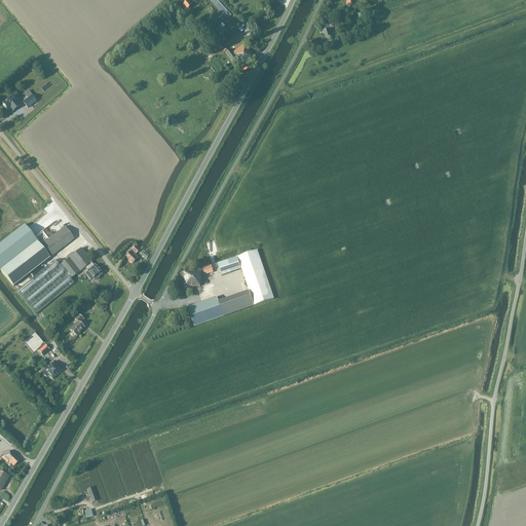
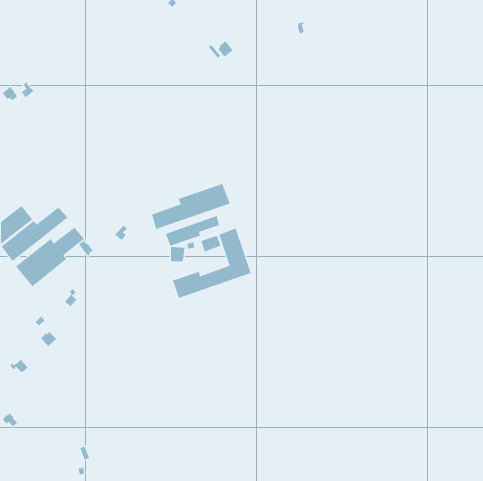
building: none -> [151,183,230,230]
building: none -> [165,215,220,247]

